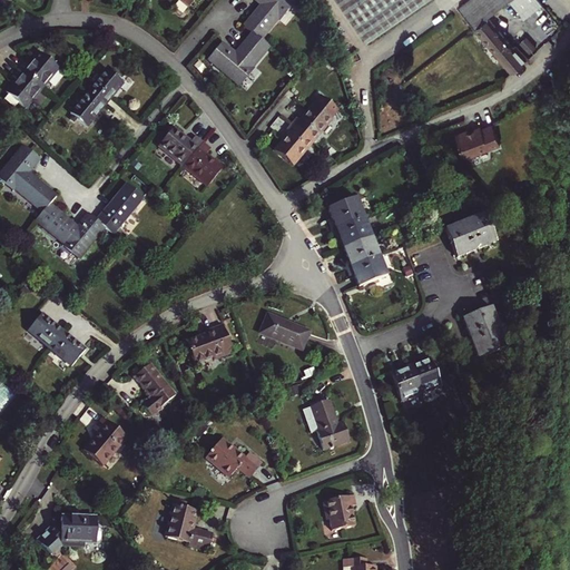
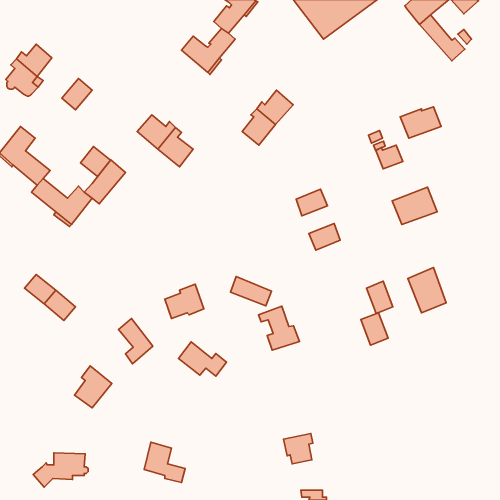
building: [89,68,122,102] -> none
building: none -> [376,145,403,169]
building: none -> [80,147,110,177]
building: [328,195,364,226] -> none
building: [343,234,380,265] -> none
building: [391,363,421,400] -> [366,281,393,314]
building: [304,399,351,449] -> [258,306,300,350]
building: [206,436,261,475] -> [178,342,226,376]

